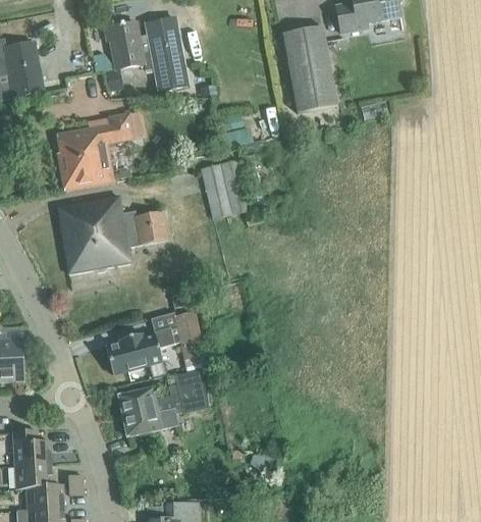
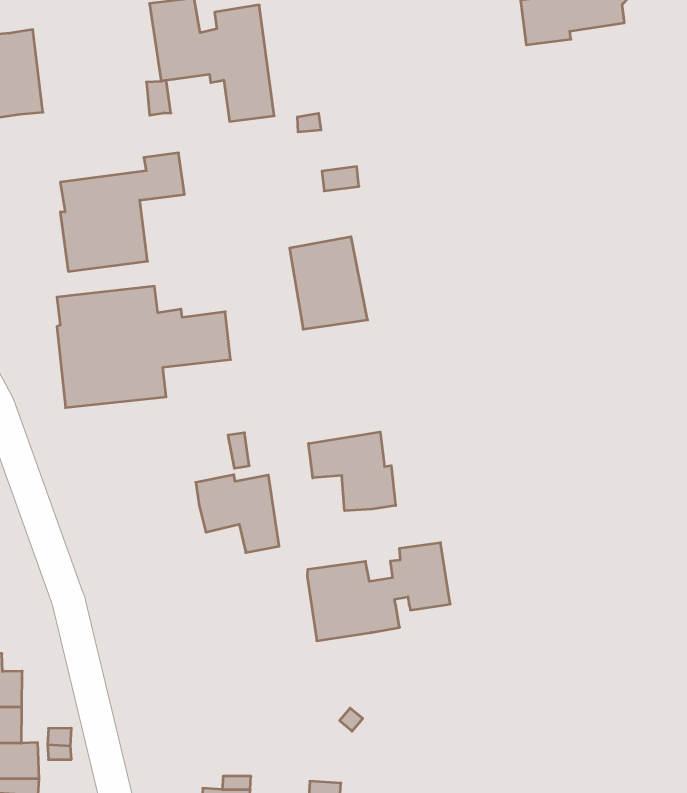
building: [282,27,337,112] -> none
building: none -> [309,432,396,511]
building: [106,331,162,376] -> none
building: [117,371,207,436] -> [307,543,450,641]

